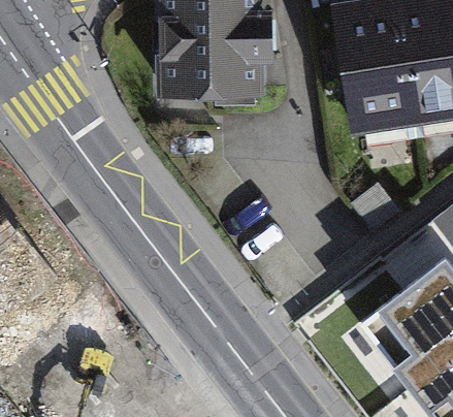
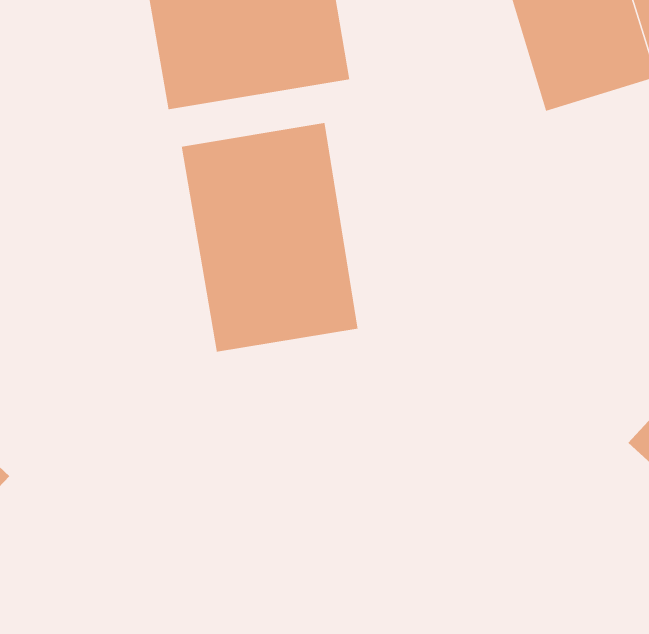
building: none -> [181,122,358,352]

